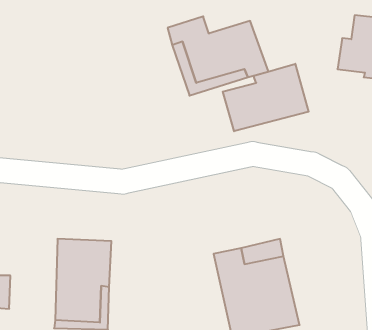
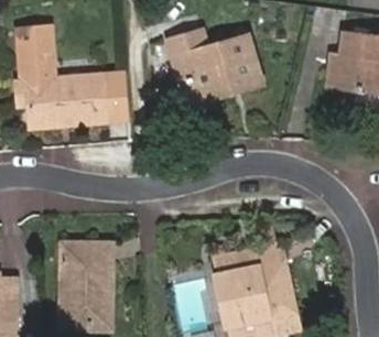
building: none -> [11,22,129,128]
building: [223,64,309,131] -> none

